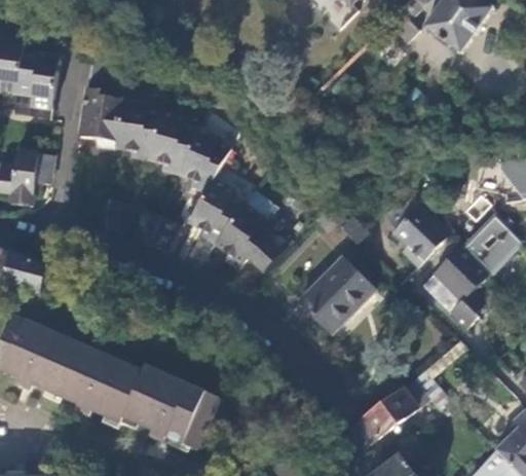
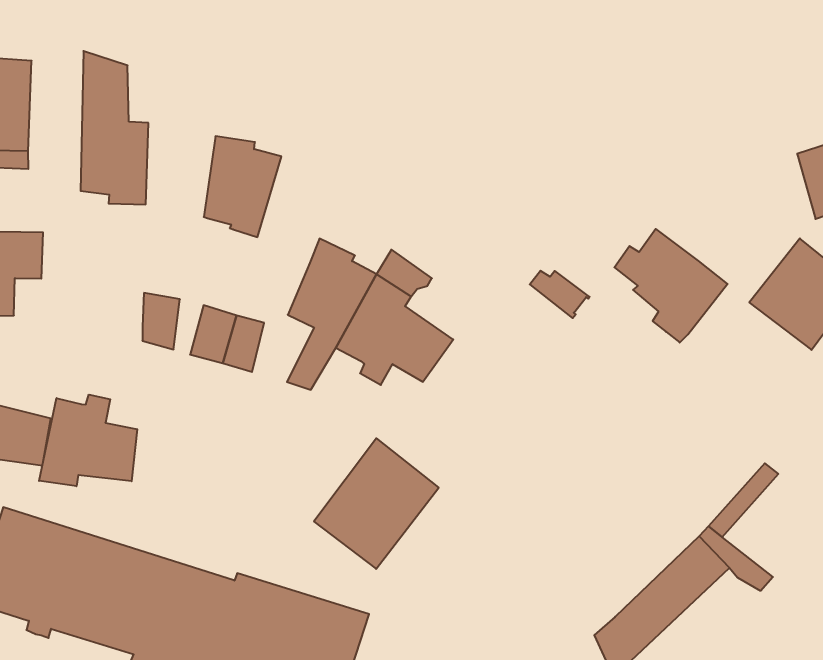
building: [116,99,161,157] -> none
building: [179,127,231,191] -> none
building: [421,245,493,331] -> none
building: none -> [39,395,137,486]
building: [304,259,379,335] -> [314,438,439,569]

